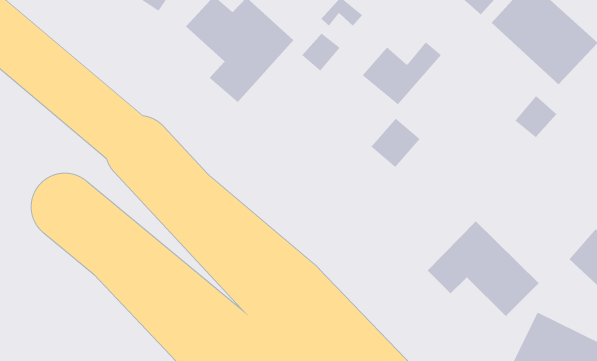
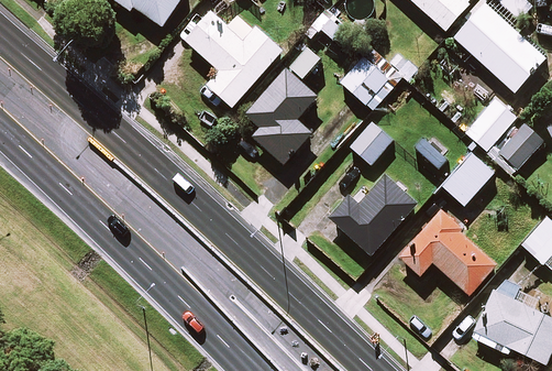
building: none -> [245,68,318,165]
building: none -> [497,123,542,168]
building: none -> [441,152,494,205]
building: none -> [329,175,417,254]

